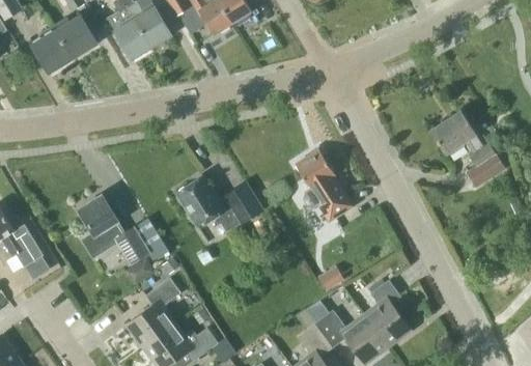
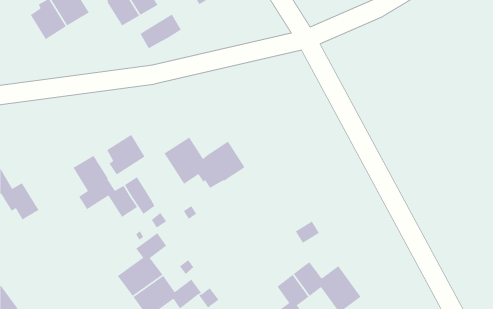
building: none -> [140,14,182,50]
building: [430,112,504,188] -> none
building: [295,149,354,222] -> none
building: none -> [106,134,145,176]
building: [363,280,411,348] -> none

